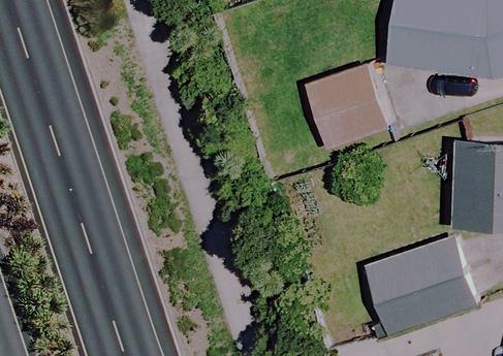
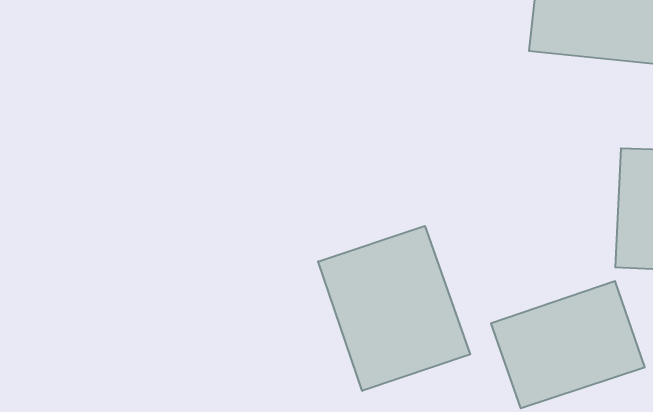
building: [306,67,386,148] -> none
building: none -> [318,226,470,391]

